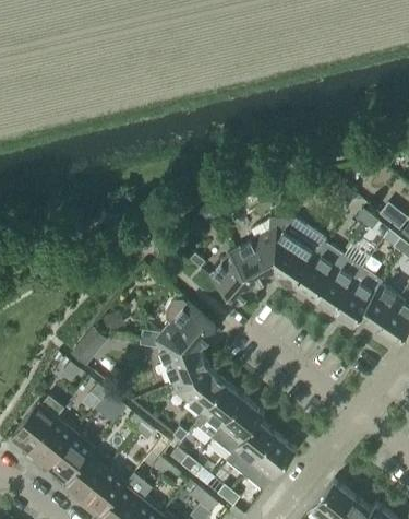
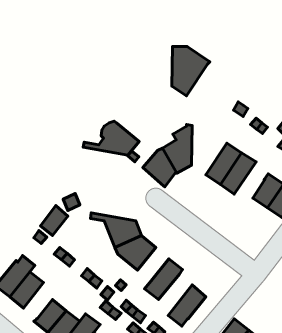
building: [276,219,327,285] -> [172,47,210,96]
building: [334,268,382,325] -> none
building: [141,302,216,347] -> [83,121,139,155]
building: [194,384,245,439] -> none
building: [226,420,277,475] -> none
building: [49,430,96,480] -> none

